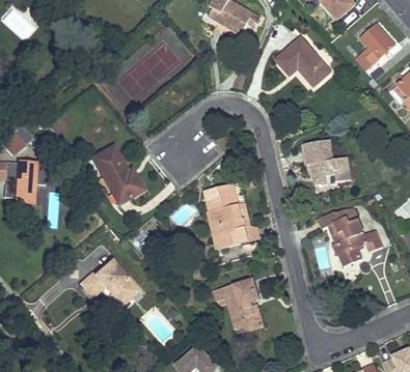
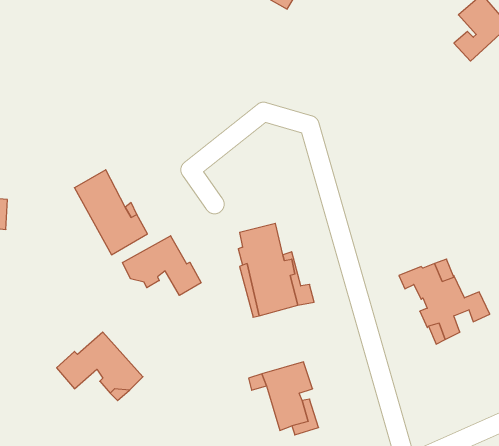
building: [275,38,329,85] -> none
building: [304,139,350,185] -> none
building: none -> [123,236,201,295]

